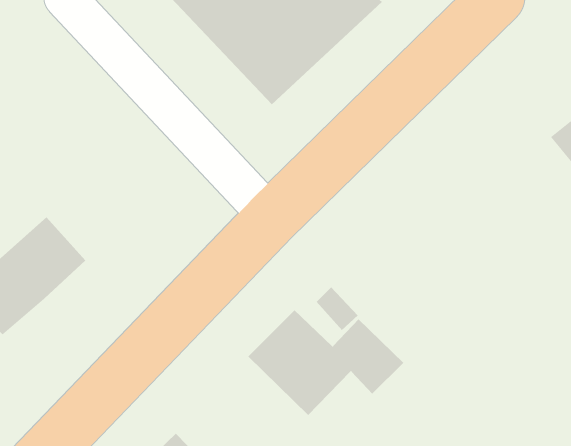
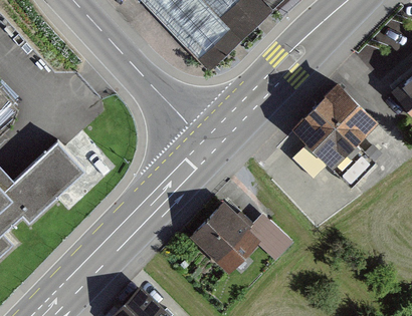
building: none -> [286,84,372,169]

